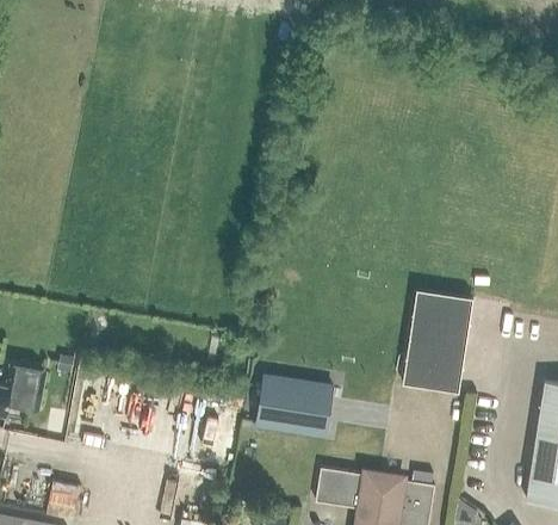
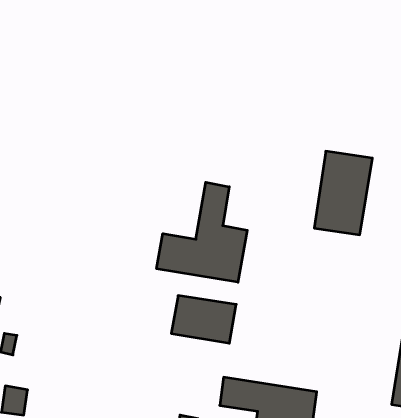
building: none -> [157,182,247,282]
building: [402,291,473,394] -> [314,151,372,235]

